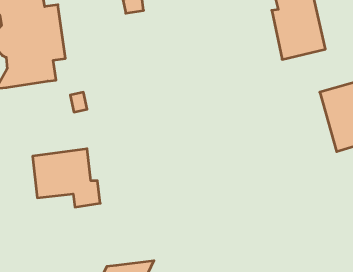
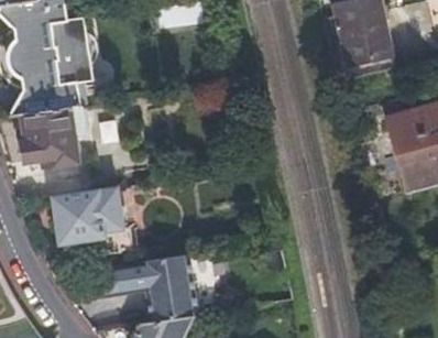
building: none -> [20,106,77,164]
building: none -> [92,251,198,321]

